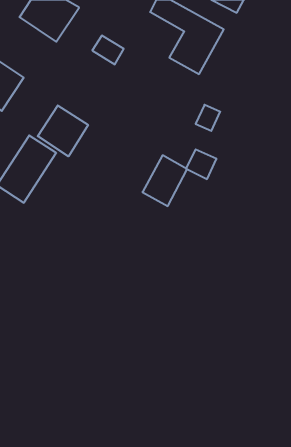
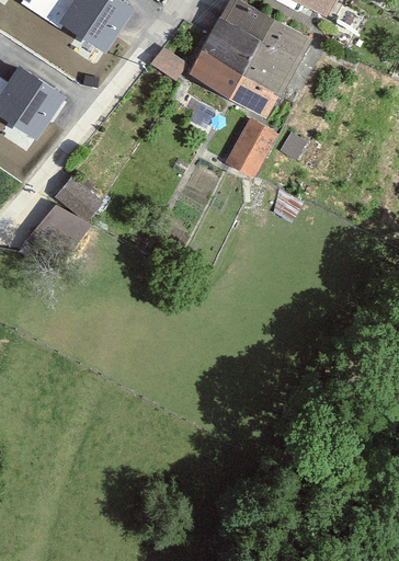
building: none -> [189,15,282,115]
building: [38,105,88,156] -> none
building: [142,155,187,206] -> [224,115,280,179]

